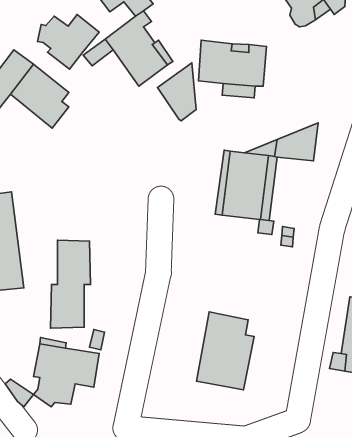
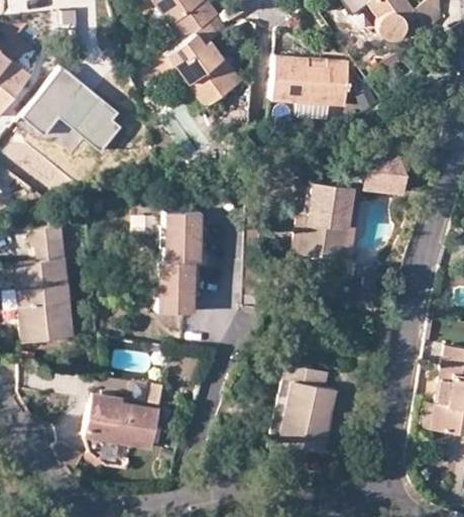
building: [38,14,99,69] -> none
building: [157,63,196,121] -> none
building: [51,240,90,328] -> [155,211,201,311]

